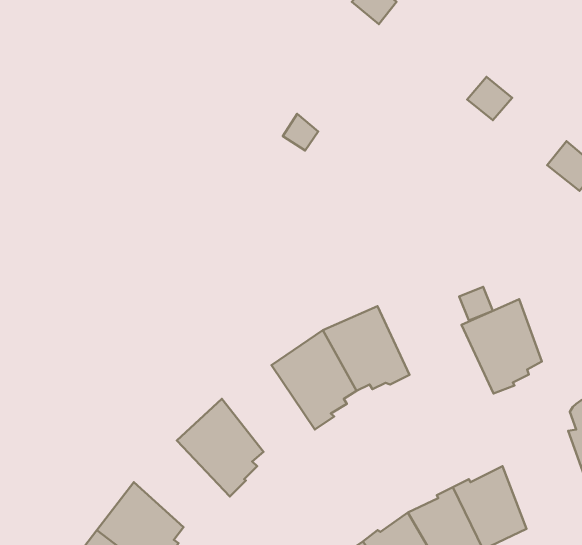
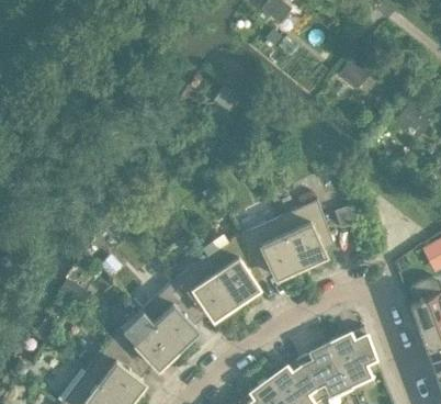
building: [462,299,542,394] -> [279,201,333,266]
building: none -> [172,259,236,318]
building: none -> [112,311,178,370]

